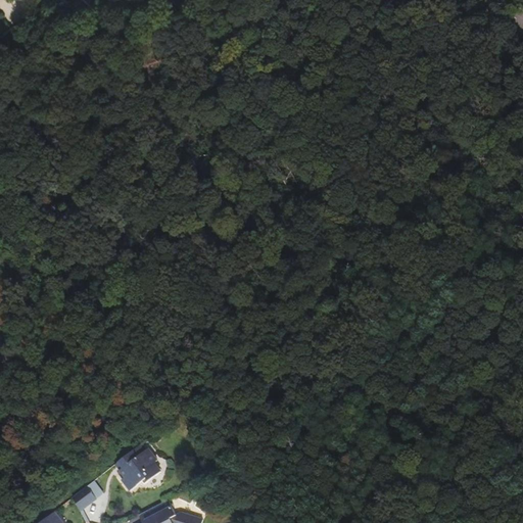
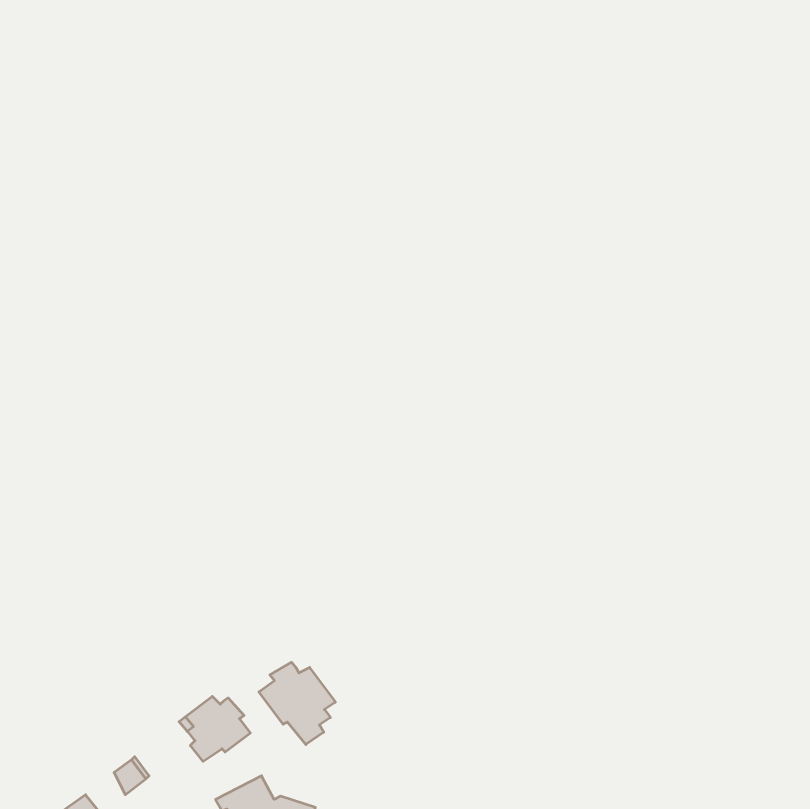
building: none -> [259,662,335,745]

